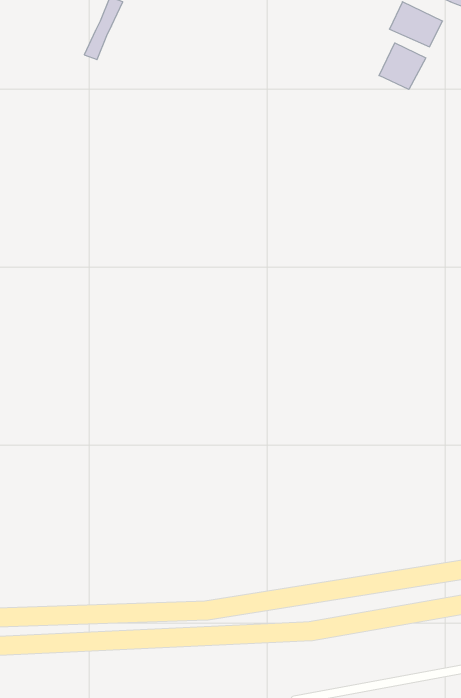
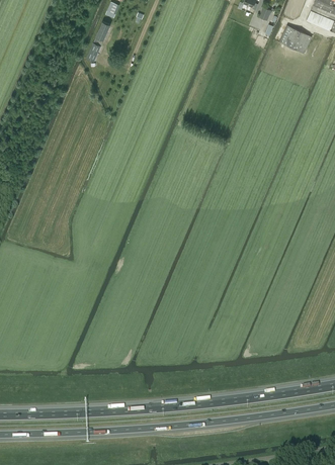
building: [379,43,426,89] -> none

